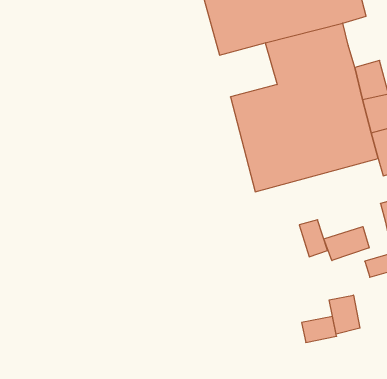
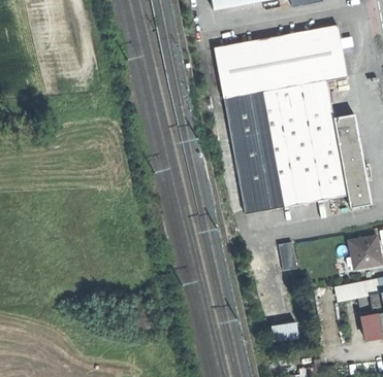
building: none -> [224,92,269,134]
building: [324,227,369,261] -> none
building: [329,295,360,334] -> none

